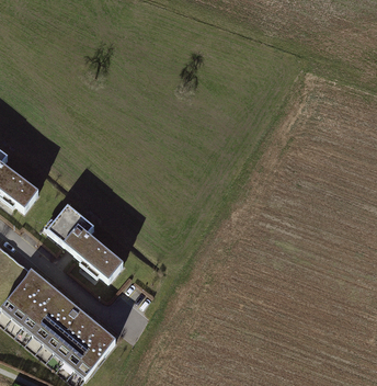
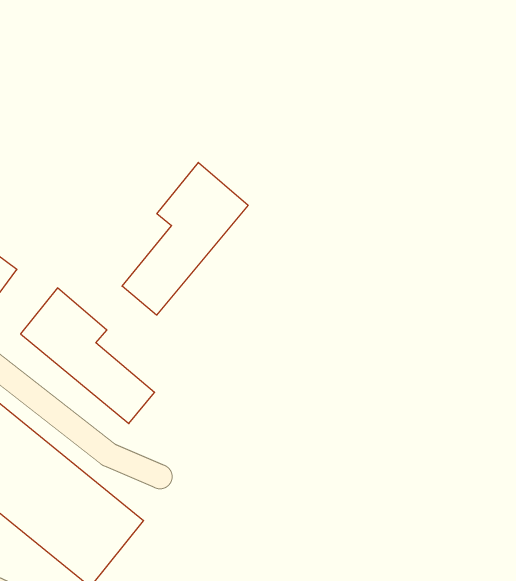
building: none -> [122,162,248,315]

